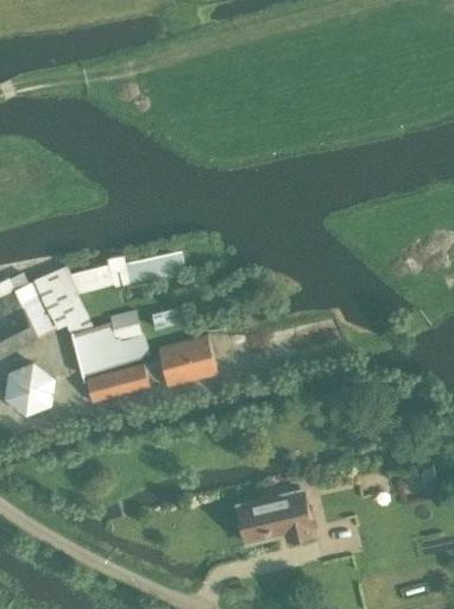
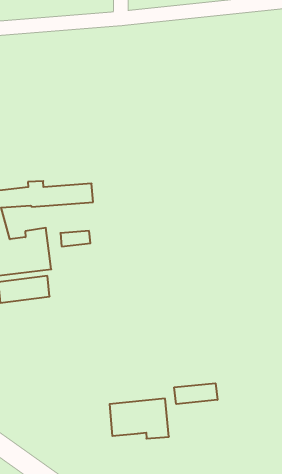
building: [158,337,217,387] -> none
building: none -> [174,383,217,404]

